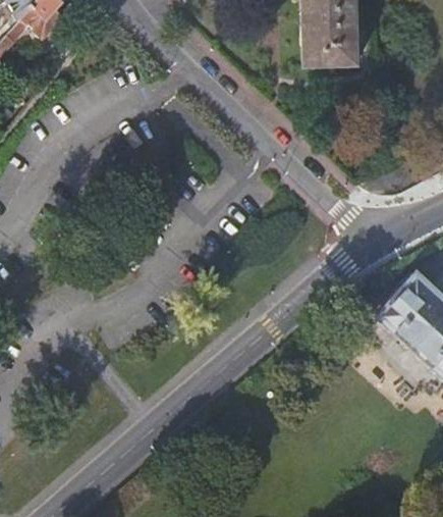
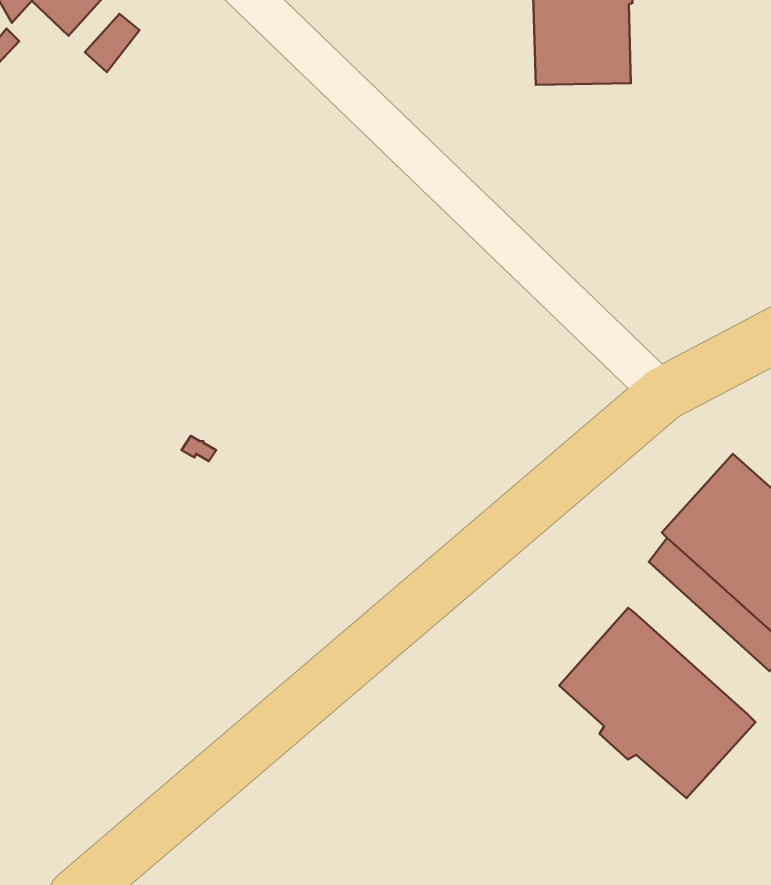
building: none -> [559,608,755,798]

